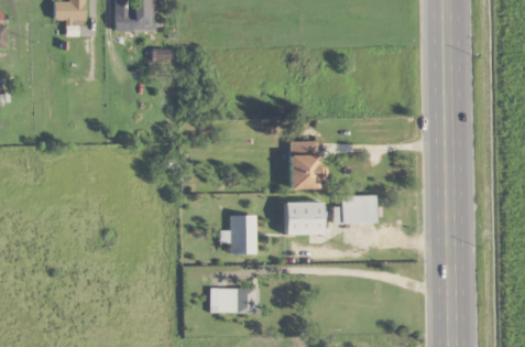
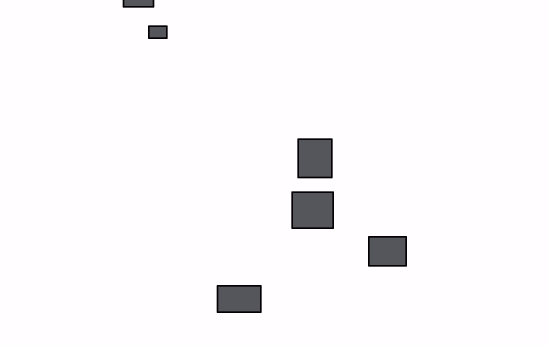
building: [341,195,375,221] -> [369,237,406,266]
building: [231,215,258,253] -> none

